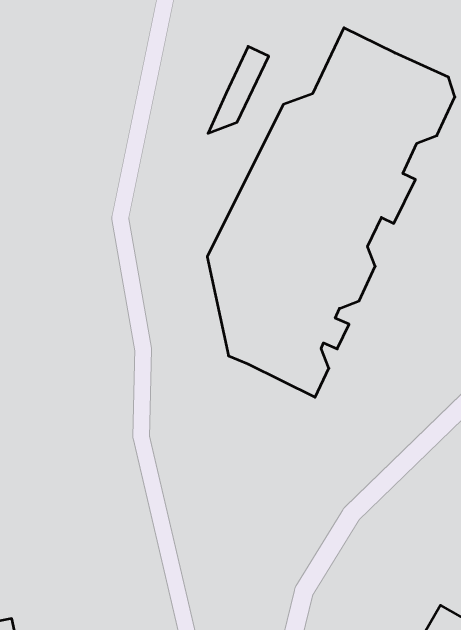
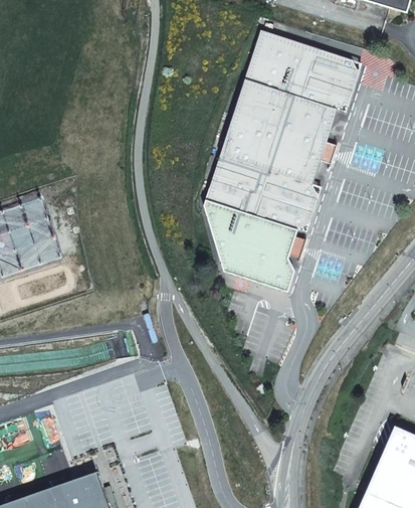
building: [208,46,269,133] -> [241,31,276,95]

